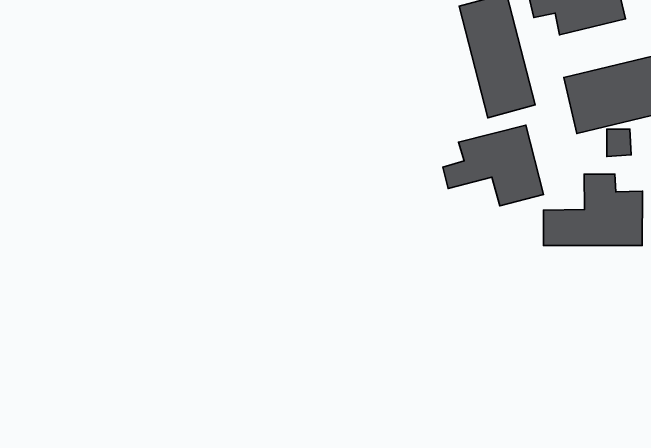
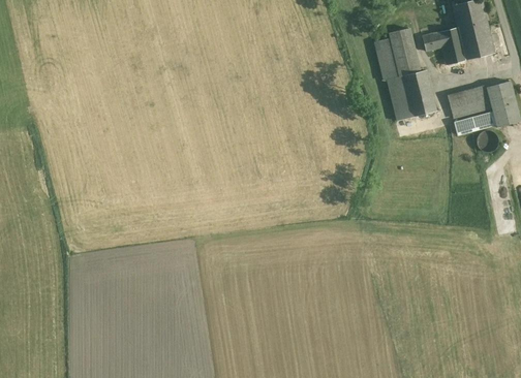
building: [443,125,544,206] -> none
building: [543,174,642,246] -> none

